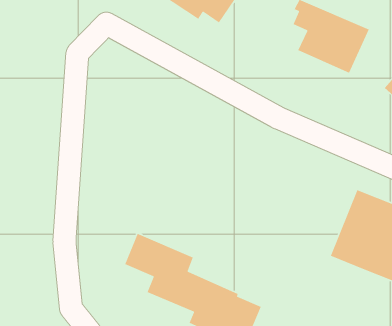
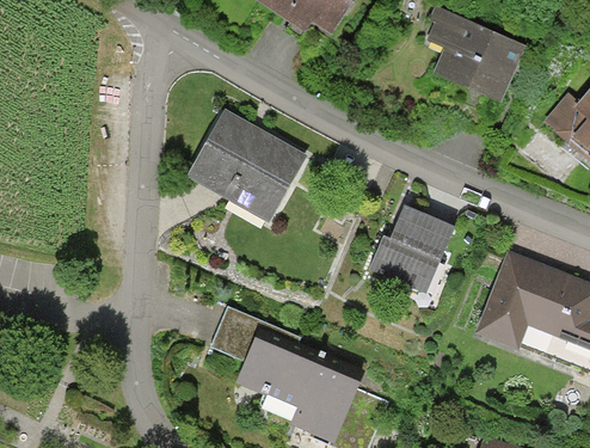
building: none -> [188,110,307,223]
building: none -> [367,205,454,293]

